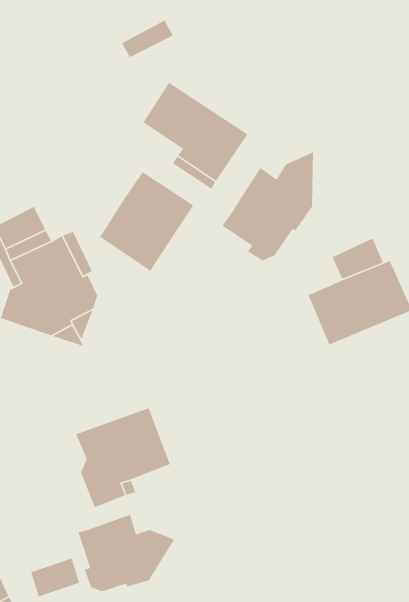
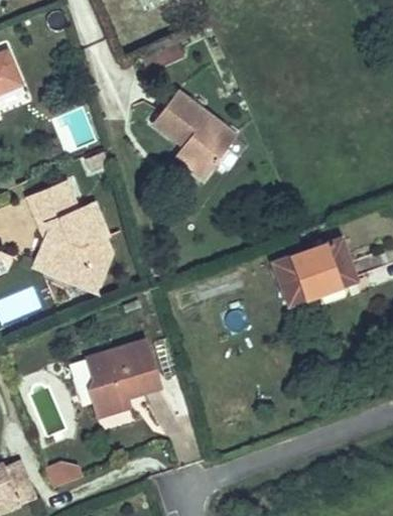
building: [222,151,314,261] -> none
building: [99,171,194,272] -> none
building: [78,514,175,592] -> none

